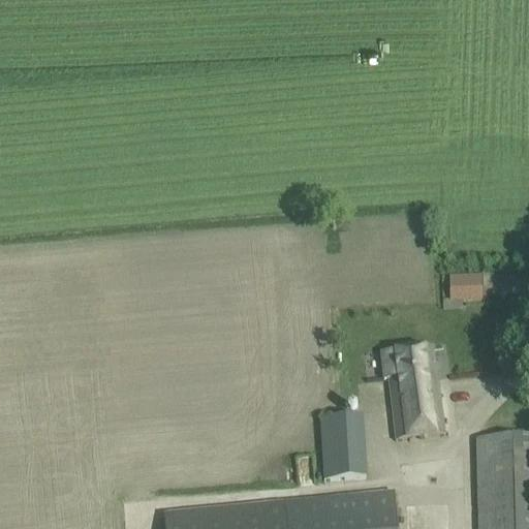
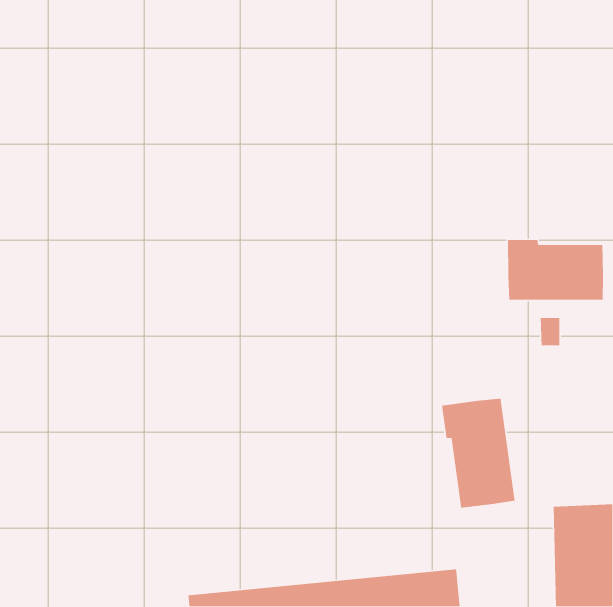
building: none -> [507,239,604,300]
building: [321,410,367,474] -> none

